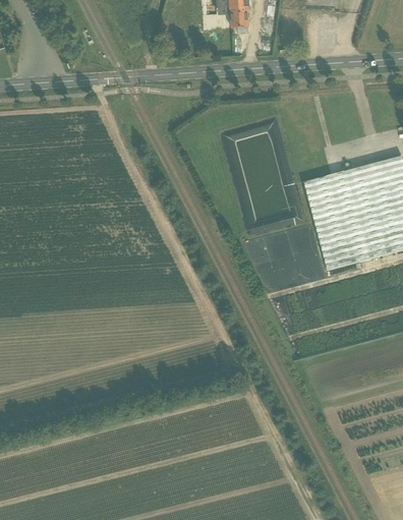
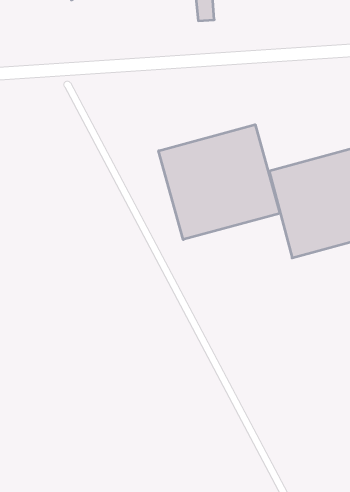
building: none -> [159,125,280,240]

